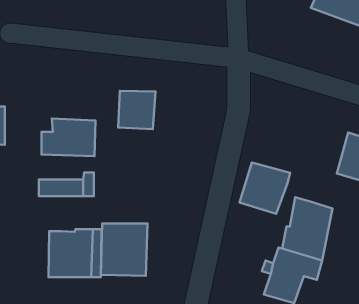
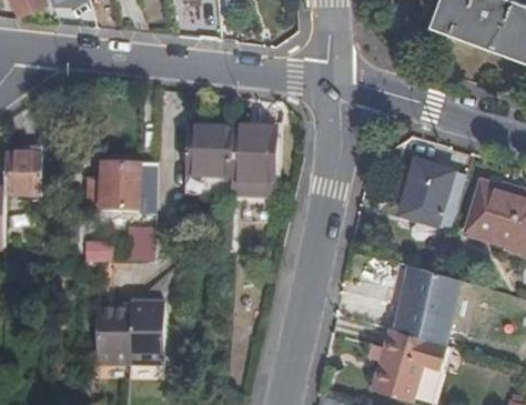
building: none -> [230,126,275,183]
building: [240,162,290,214] -> [401,164,465,230]
building: [101,223,147,276] -> none

